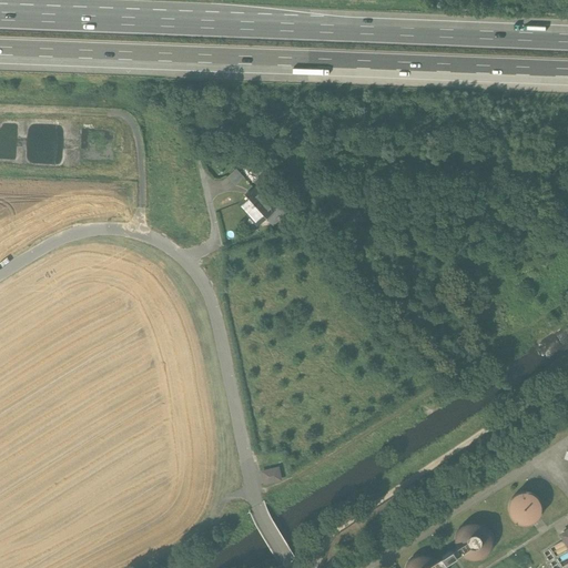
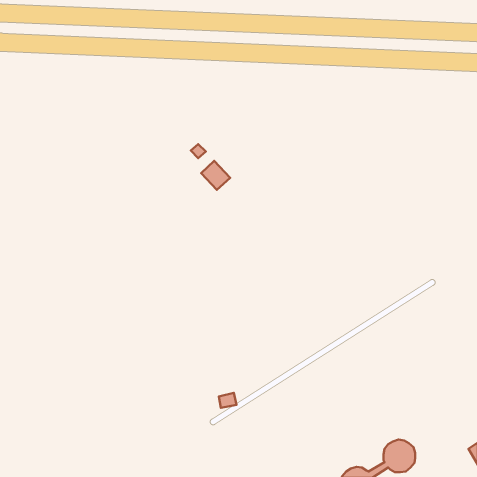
building: [508,494,541,527] -> none

